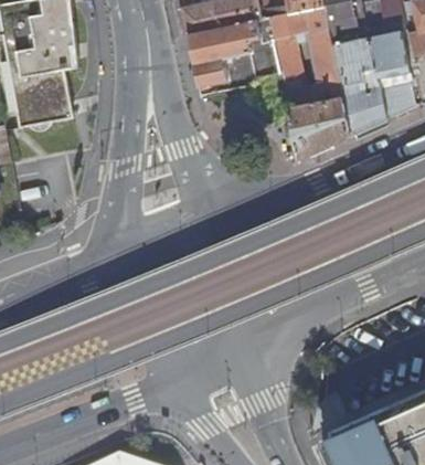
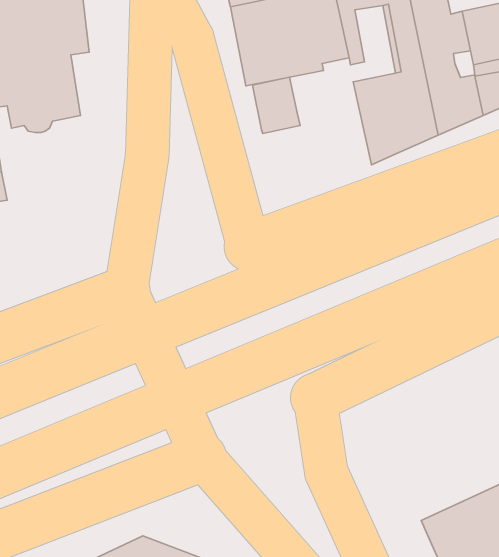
building: none -> [253,77,300,133]

